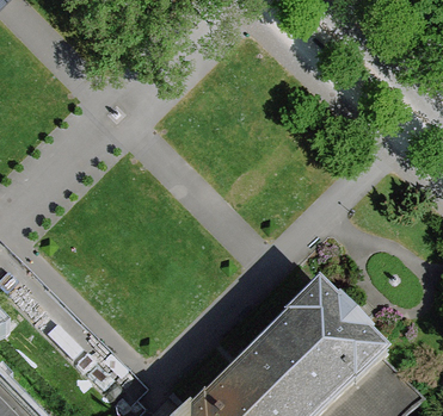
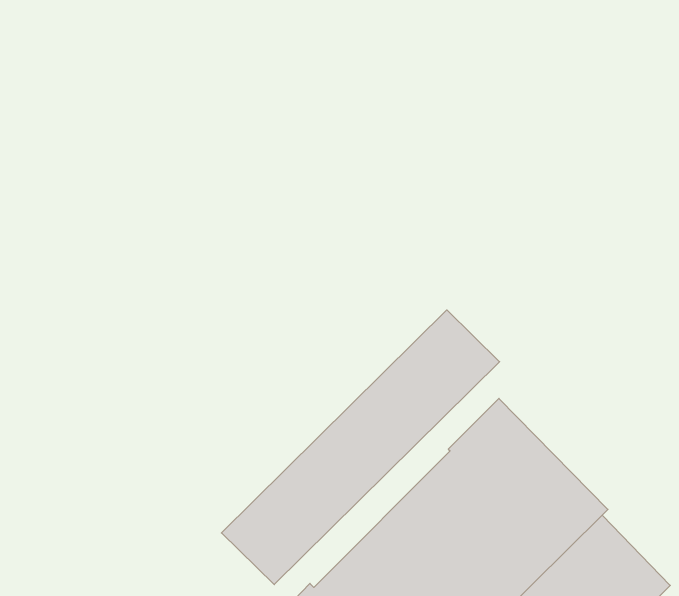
building: none -> [221,310,500,585]

